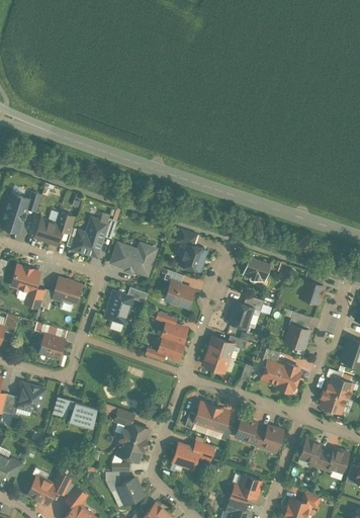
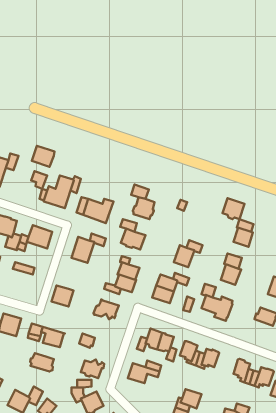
building: [35,220,63,245] -> [32,146,55,167]
building: [243,258,269,283] -> [223,198,244,219]
building: [38,334,65,359] -> [52,285,73,307]
building: [321,392,346,414] -> none
building: [119,423,150,446] -> [94,300,119,319]
building: none -> [30,353,54,372]

